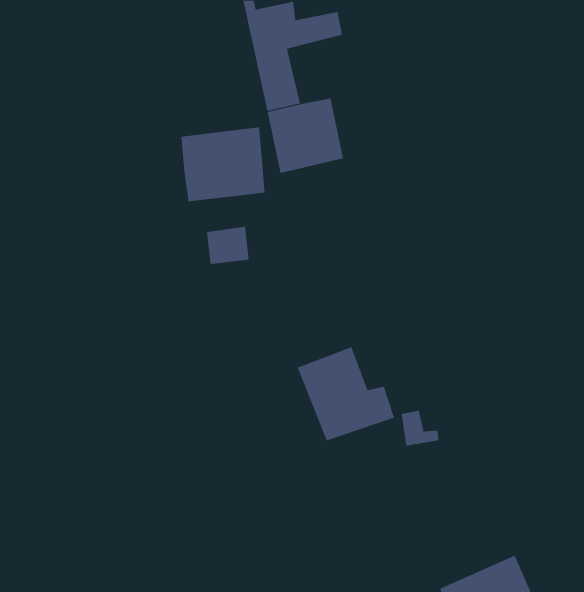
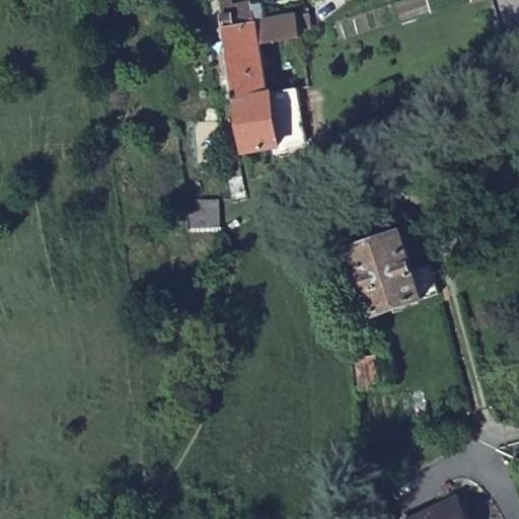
building: [181,127,265,202] -> none
building: [297,347,395,441] -> [350,230,435,312]

